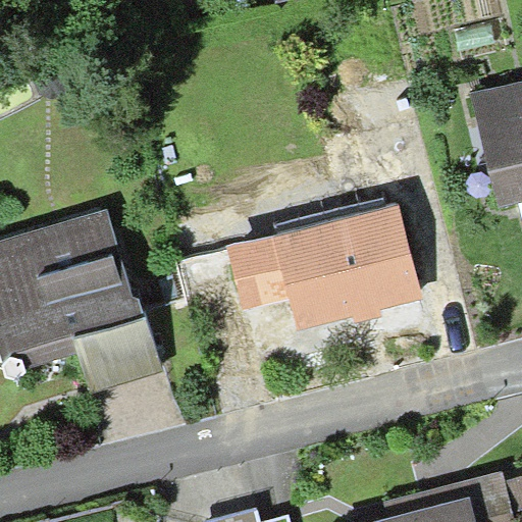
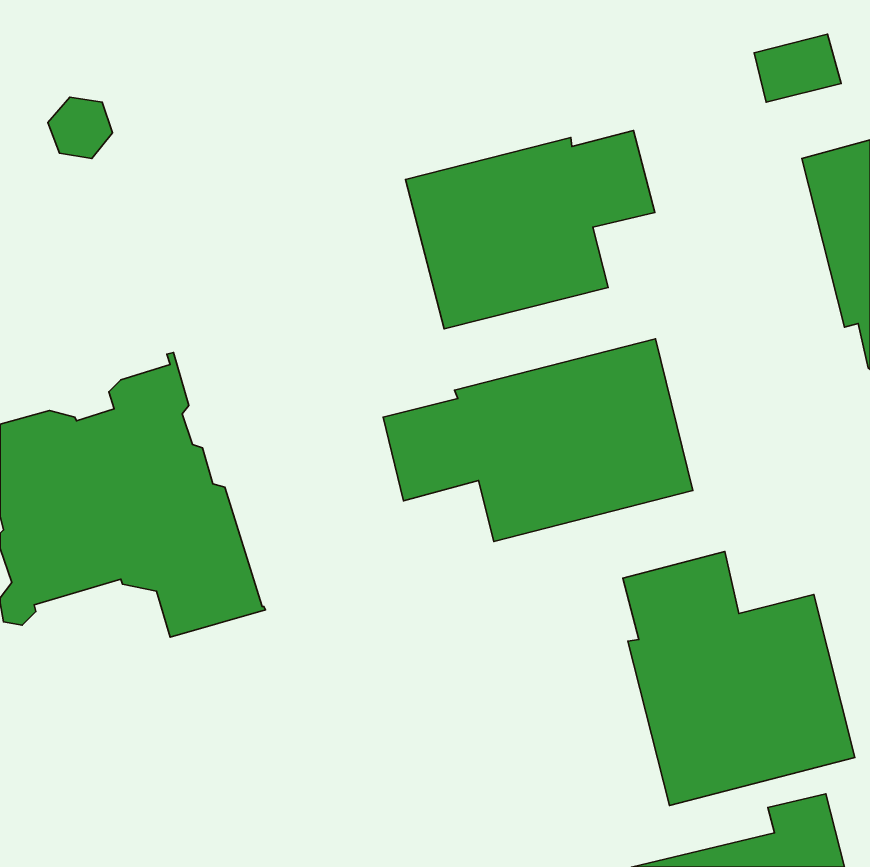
building: none -> [405,130,655,329]
building: none -> [623,552,855,806]

